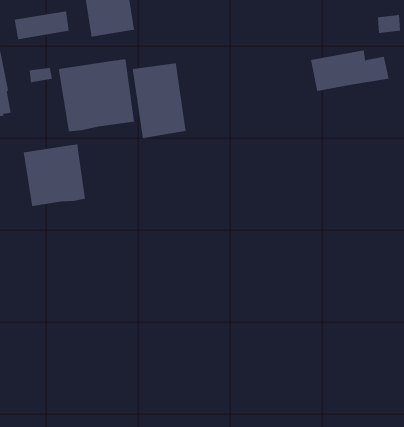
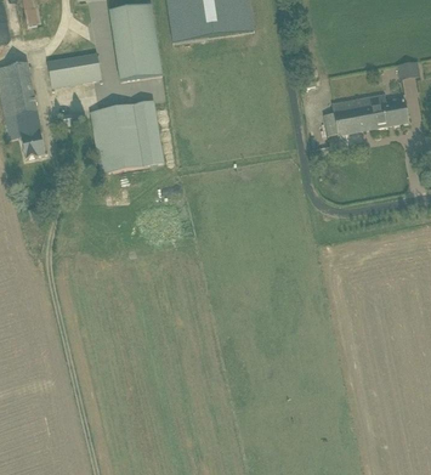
building: [132,63,186,139] -> none
building: [23,144,85,207] -> none

